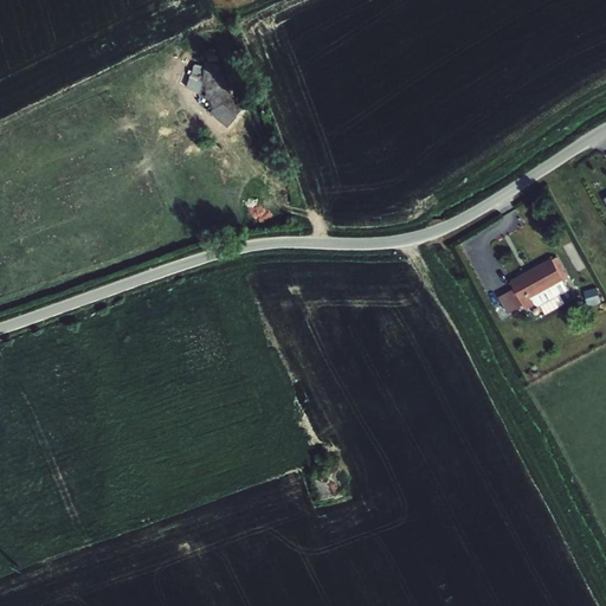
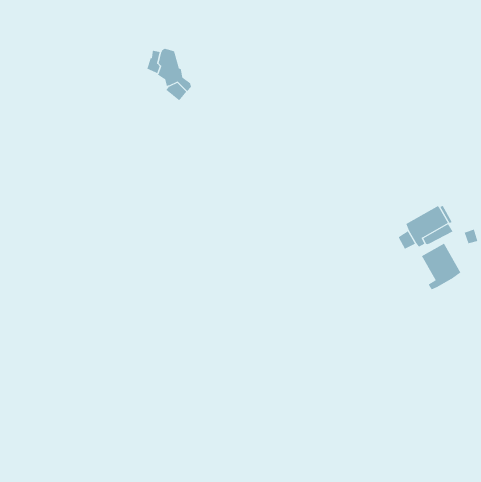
building: none -> [421,243,461,290]

